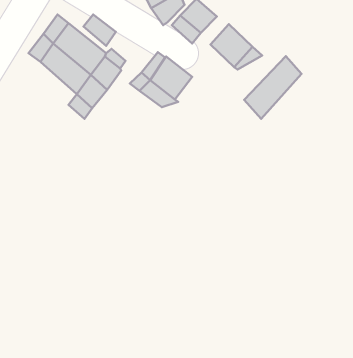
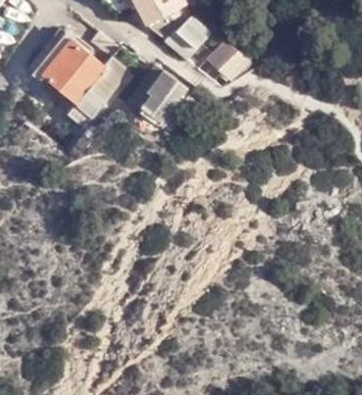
building: [244,56,302,119] -> none

